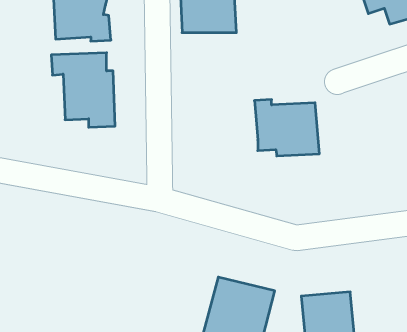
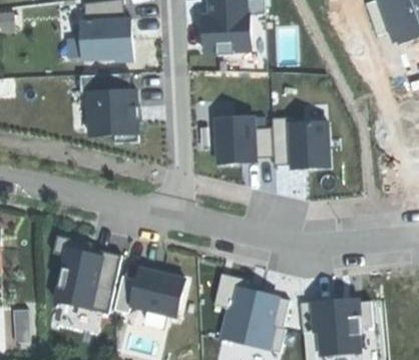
building: none -> [213,114,272,165]
building: none -> [51,235,120,312]
building: none -> [113,268,184,316]

